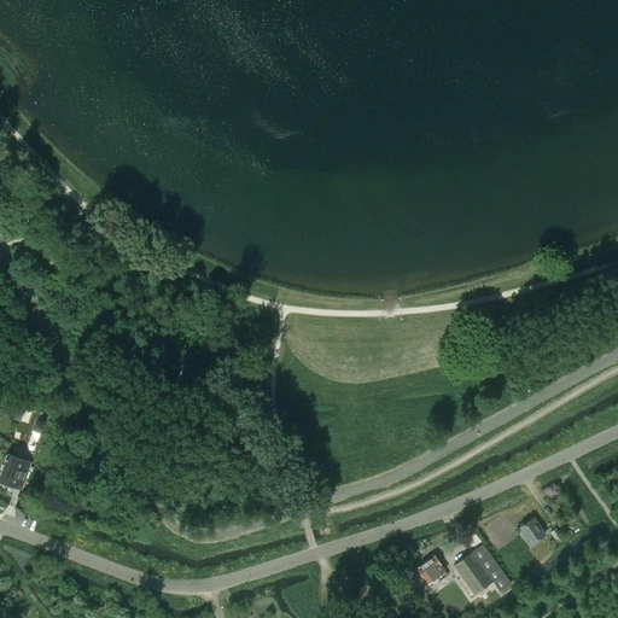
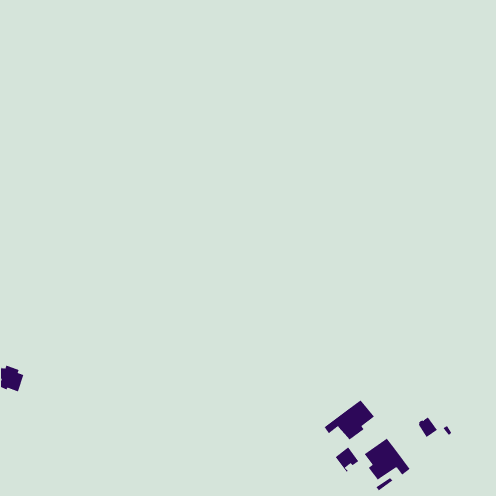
building: none -> [324,399,375,441]

